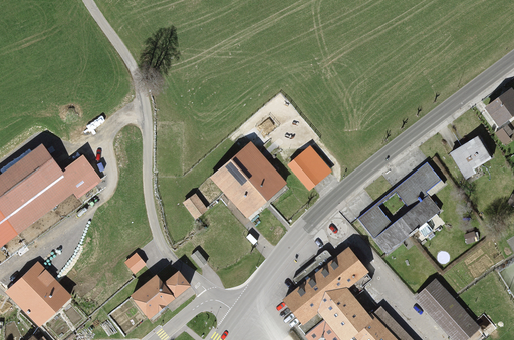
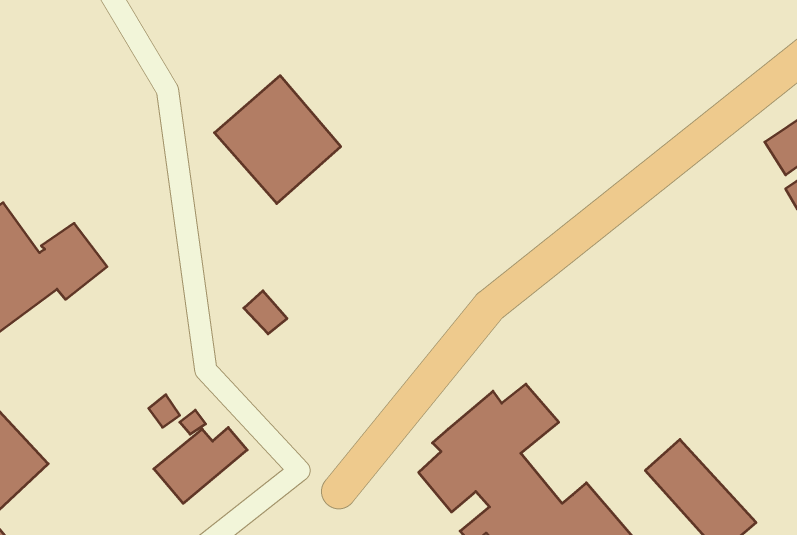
building: [452,137,491,173] -> none
building: [212,143,285,218] -> [214,76,341,204]
building: [289,146,330,189] -> none
building: [359,167,439,253] -> none

